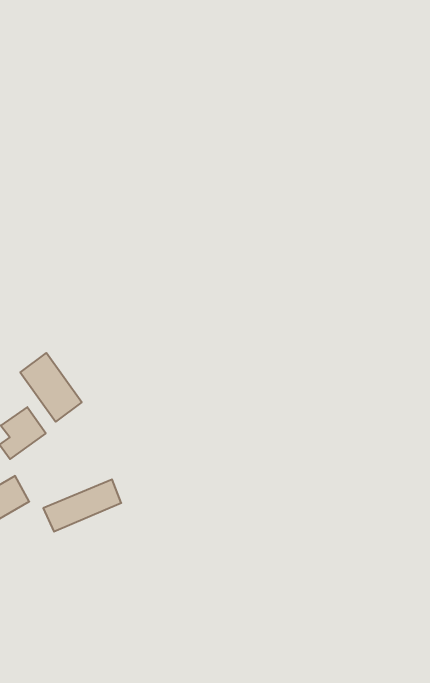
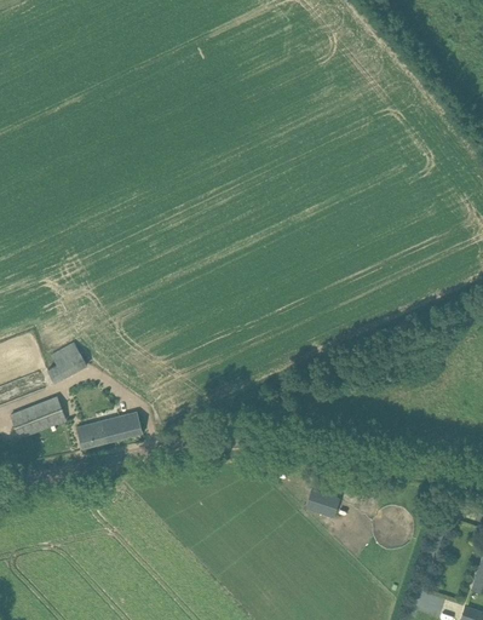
building: [20,353,82,422] -> none
building: none -> [306,488,339,515]

